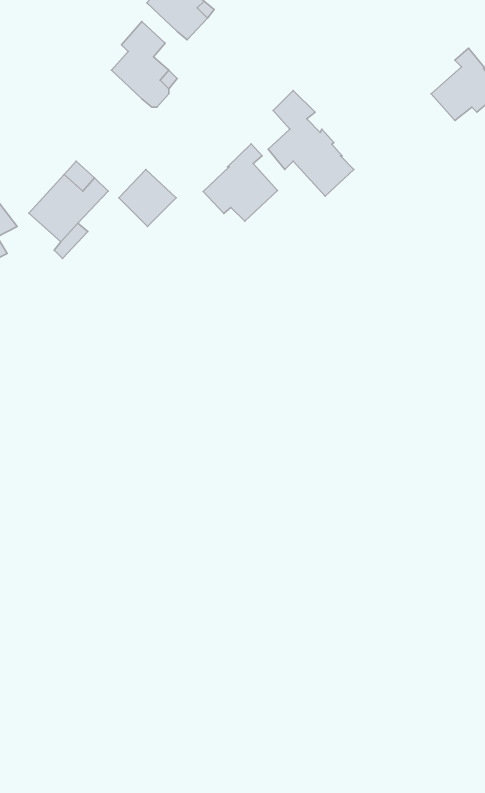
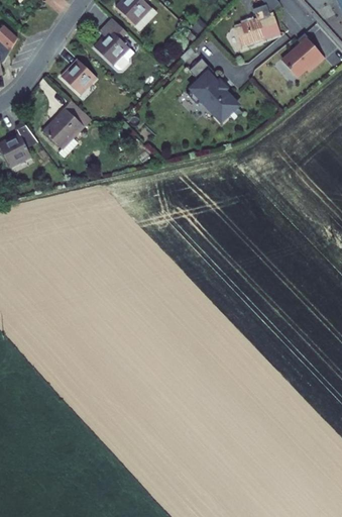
building: none -> [235,13,278,44]
building: [203,144,278,221] -> none
building: [119,169,176,227] -> [61,59,95,93]

